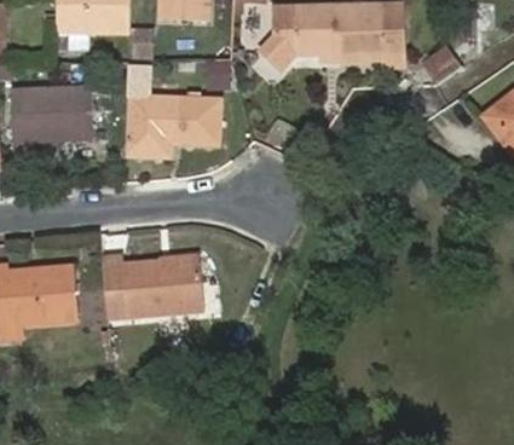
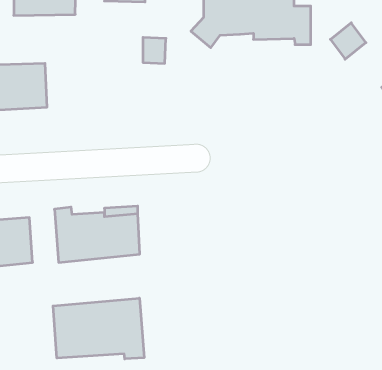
building: [125,96,219,155] -> none
building: none -> [53,298,144,359]

